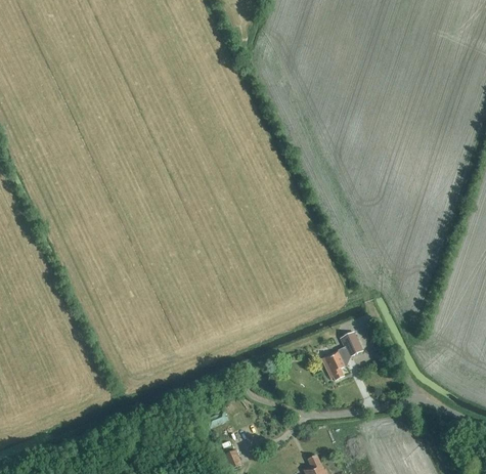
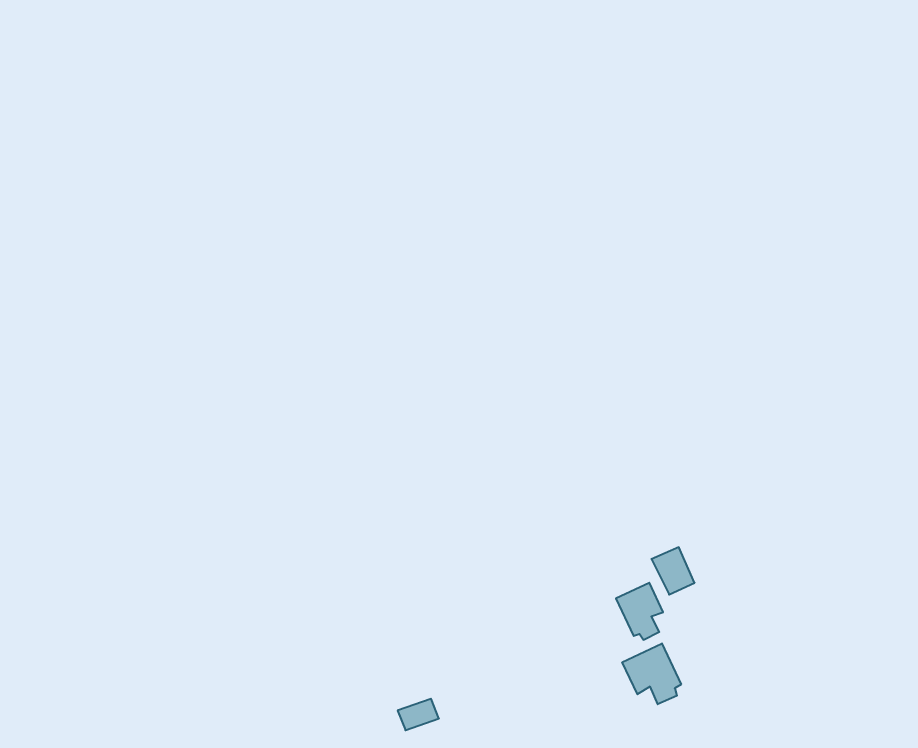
building: none -> [622,643,681,704]

